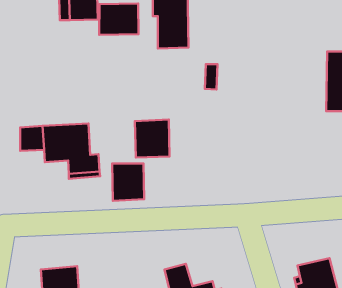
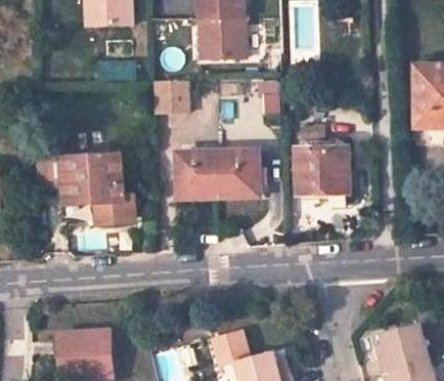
building: [99,3,139,35] -> none
building: none -> [156,81,188,113]
building: none -> [298,144,350,195]
building: [112,164,144,201] -> [219,150,259,196]

